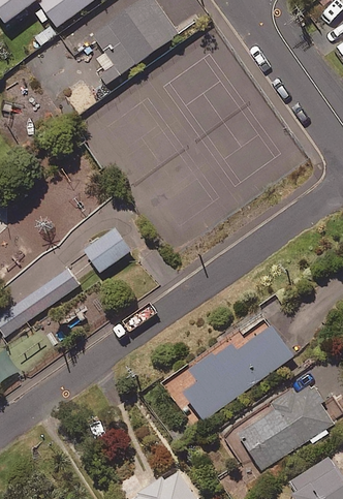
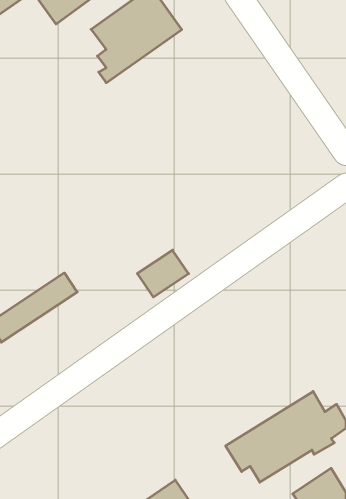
building: [84,225,133,271] -> [137,250,189,297]
building: [183,329,290,419] -> none

